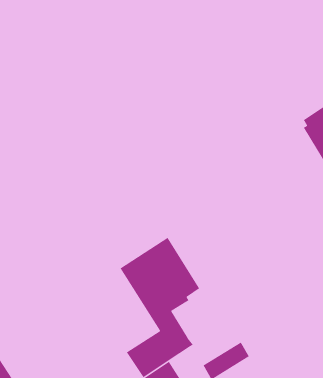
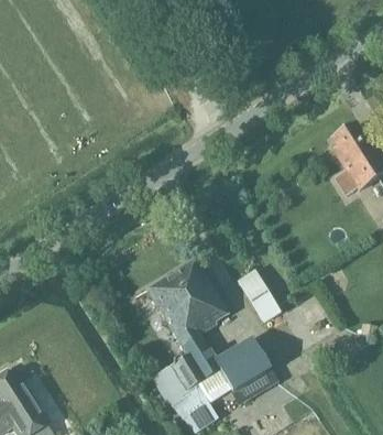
building: none -> [247,285,280,322]
building: none -> [216,337,270,388]

